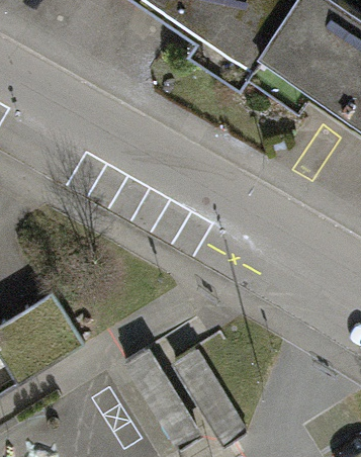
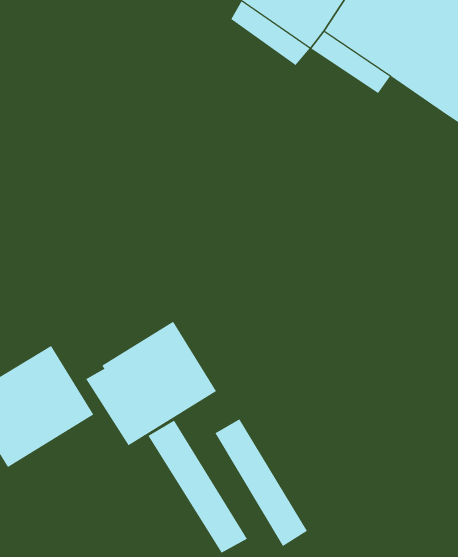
building: none -> [85,321,217,446]

